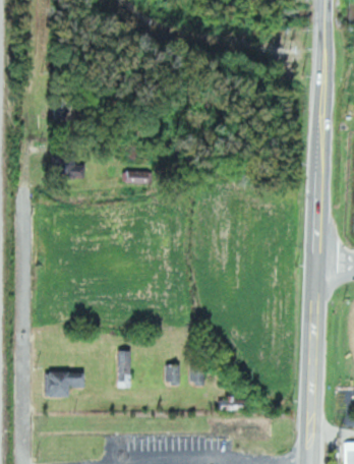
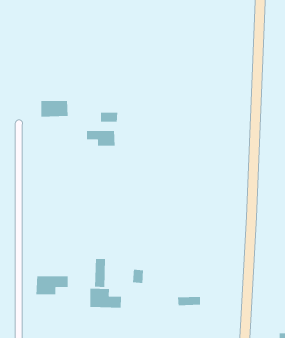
building: none -> [86,130,116,146]
building: none -> [89,288,122,308]

